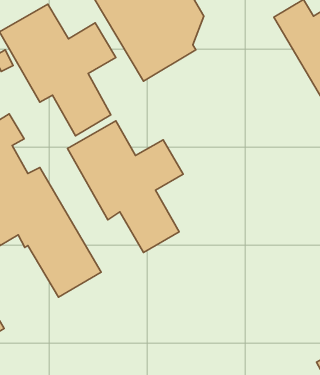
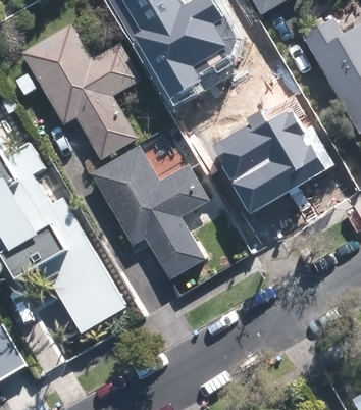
building: none -> [211,106,332,211]

